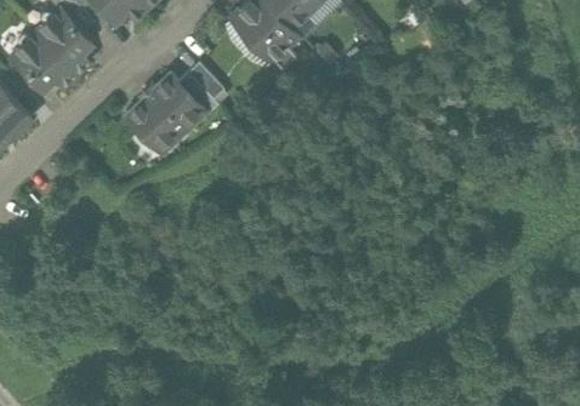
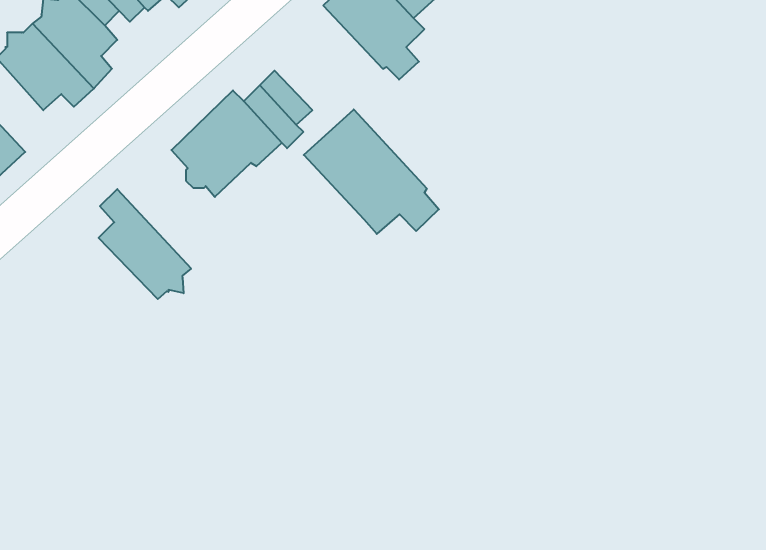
building: none -> [304,109,439,234]
building: none -> [99,189,191,299]

